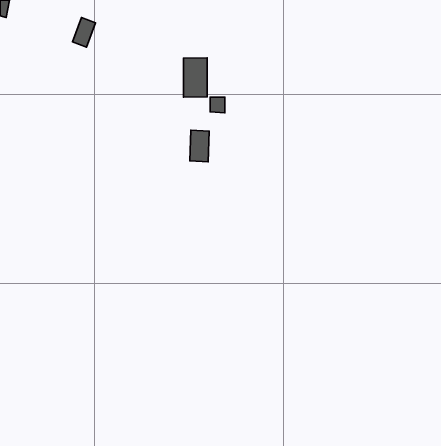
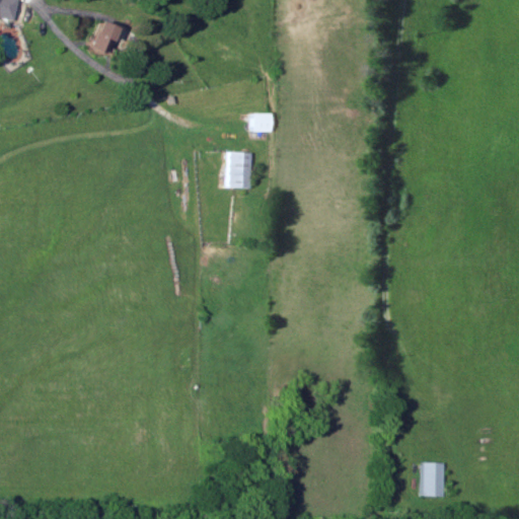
building: [184,58,207,97] -> none
building: none -> [424,462,445,497]

